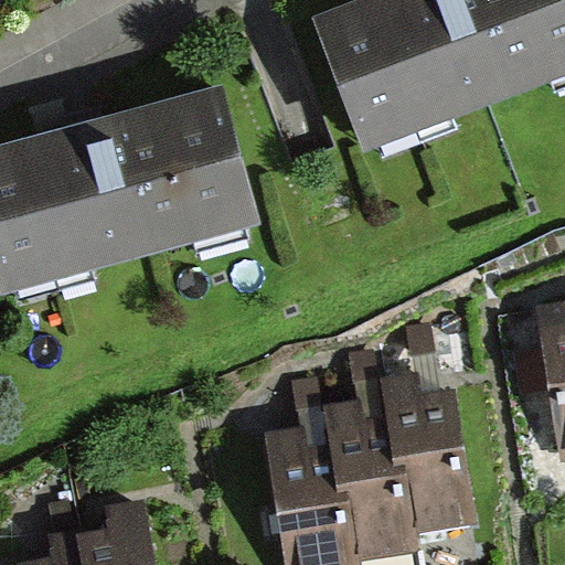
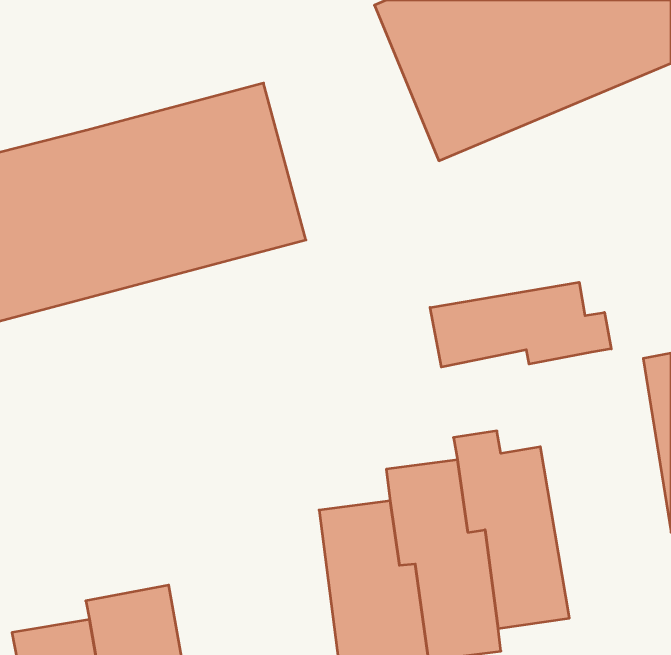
building: none -> [430,282,611,367]

